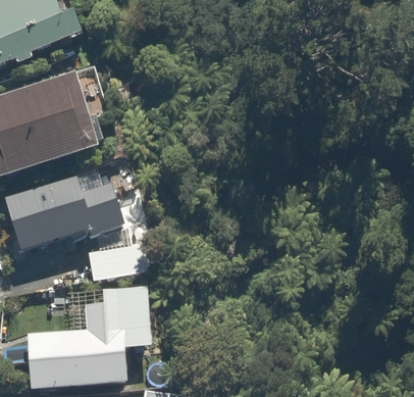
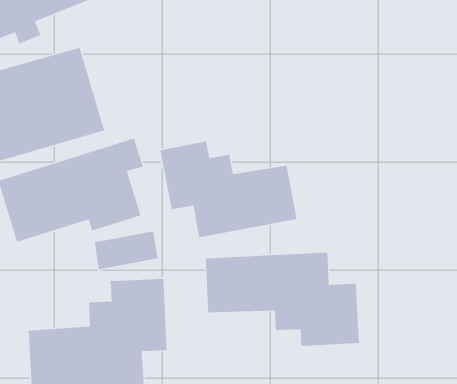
building: none -> [159,141,298,238]
building: none -> [205,252,360,347]

